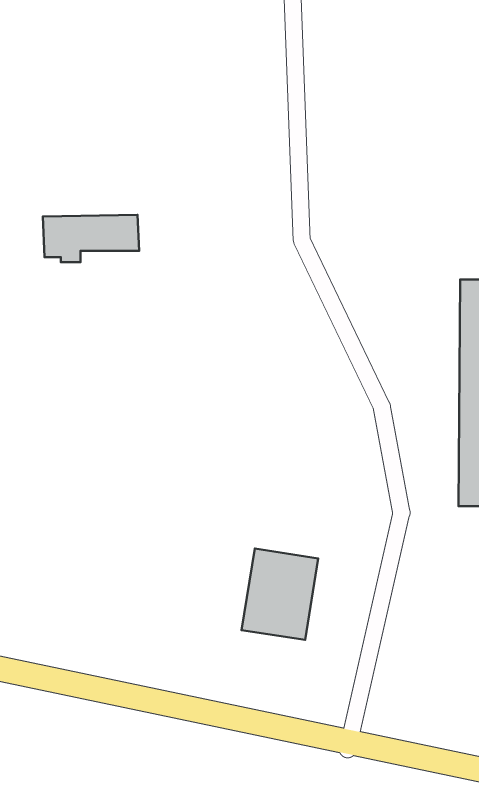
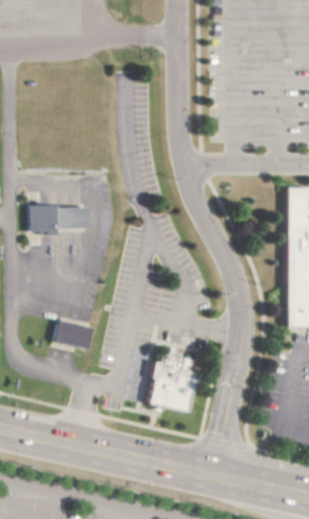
building: [43,215,139,262] -> [33,202,93,231]
building: none -> [51,322,87,356]

